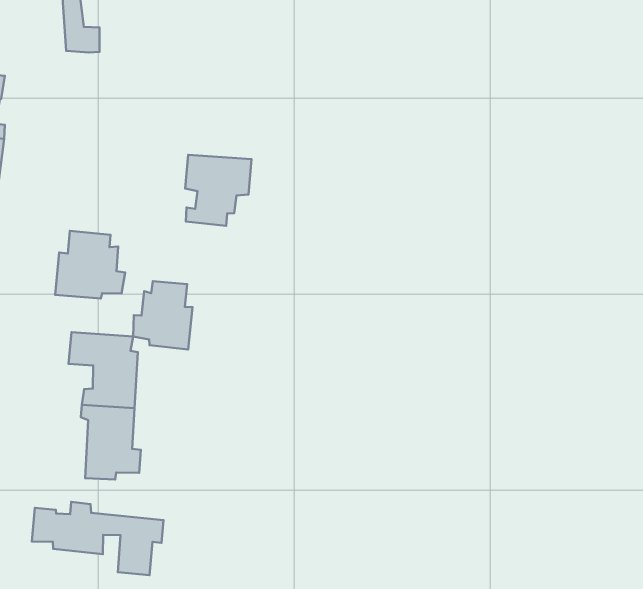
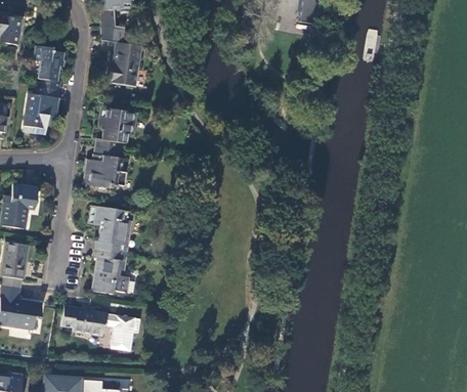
building: none -> [108,43,141,86]
building: [185,155,251,226] -> [95,107,136,150]
building: [133,281,192,349] -> none

